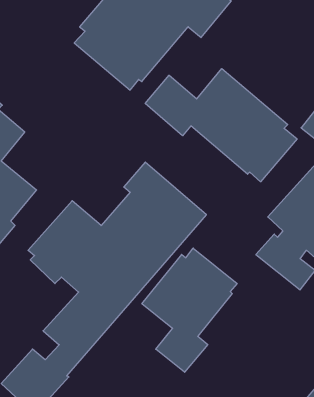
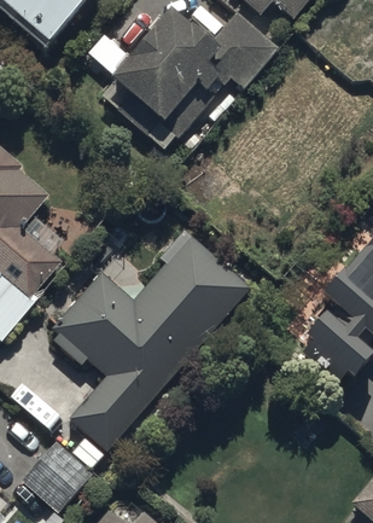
building: [145,69,297,182] -> none
building: [142,248,237,372] -> none

